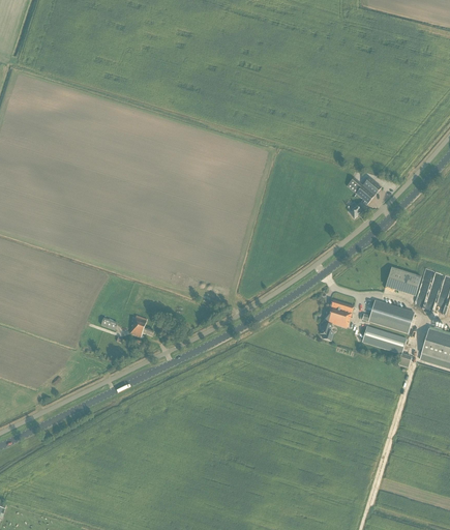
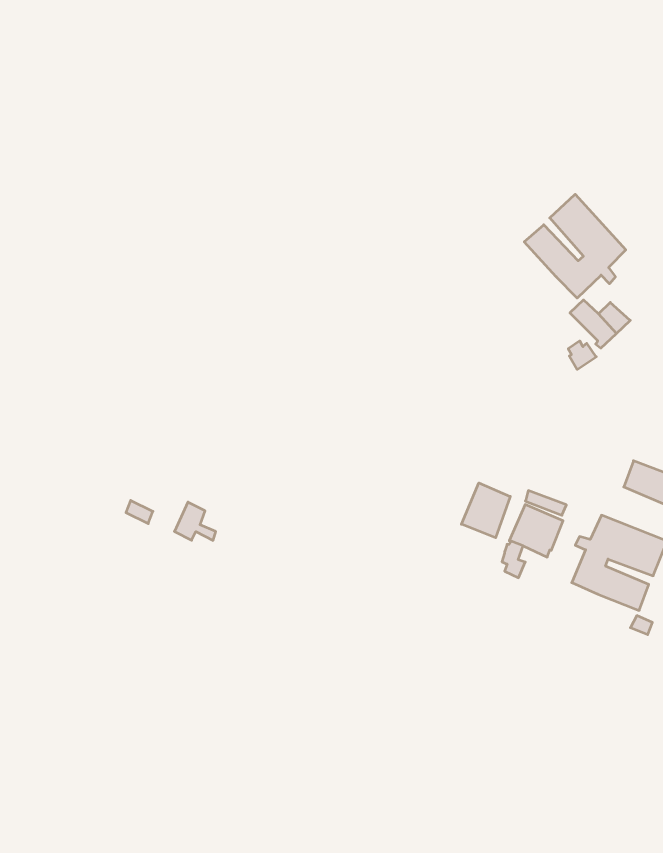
building: none -> [524,194,626,298]
building: none -> [461,483,510,538]

